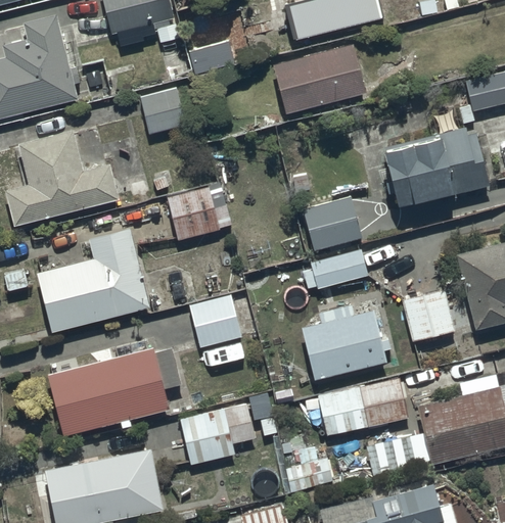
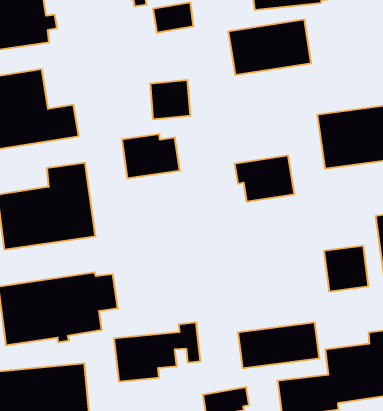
building: [142,88,190,135] -> [150,80,190,119]
building: [311,250,370,289] -> none
building: [188,294,243,347] -> none
building: [302,305,395,380] -> none

